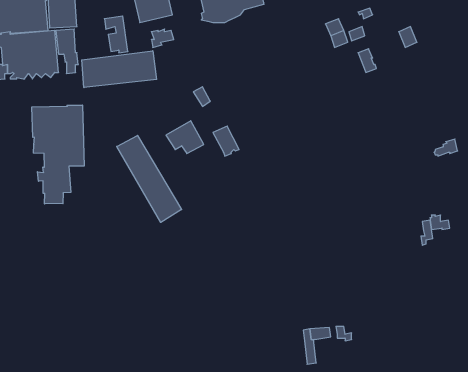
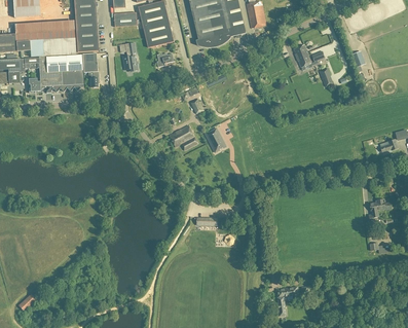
building: [82,51,157,88] -> none
building: [32,105,84,204] -> none
building: [117,135,182,222] -> none

